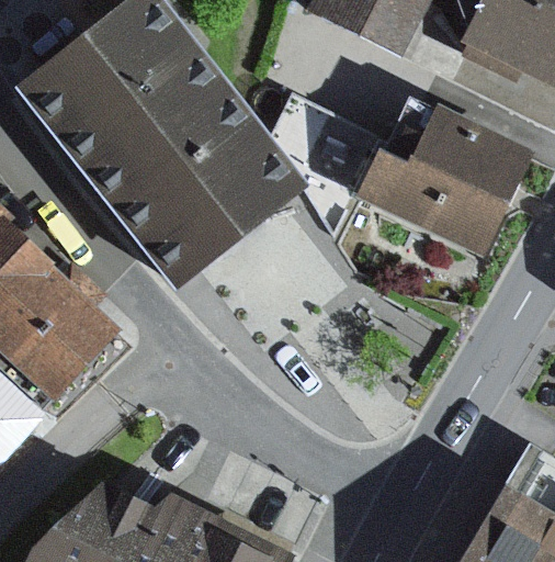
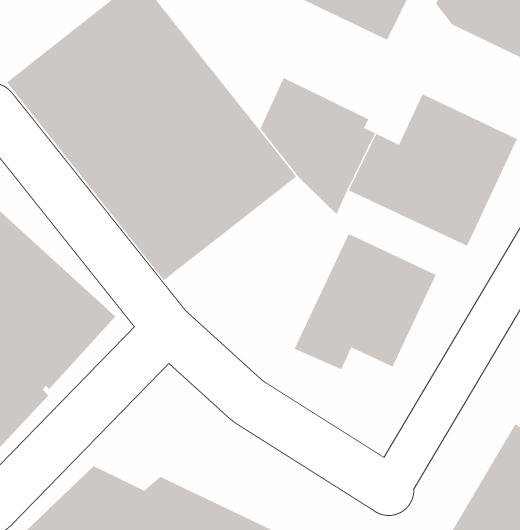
building: none -> [294,233,437,370]

